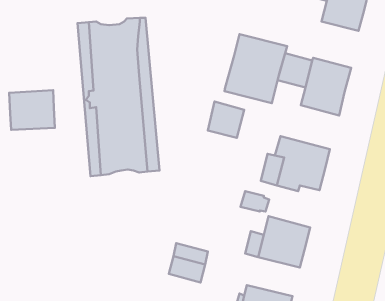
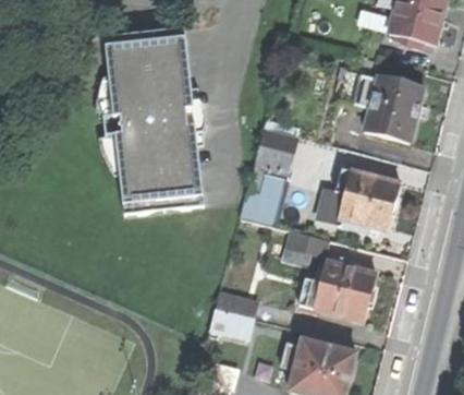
building: [224,34,287,103] -> none
building: [9,90,55,130] -> none
building: none -> [245,170,290,222]

